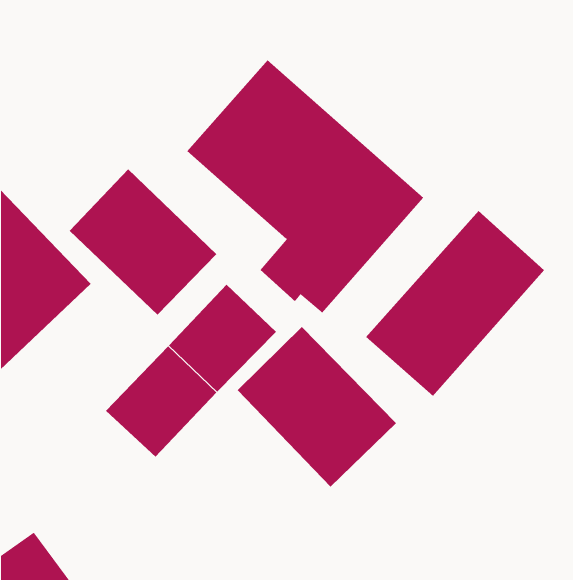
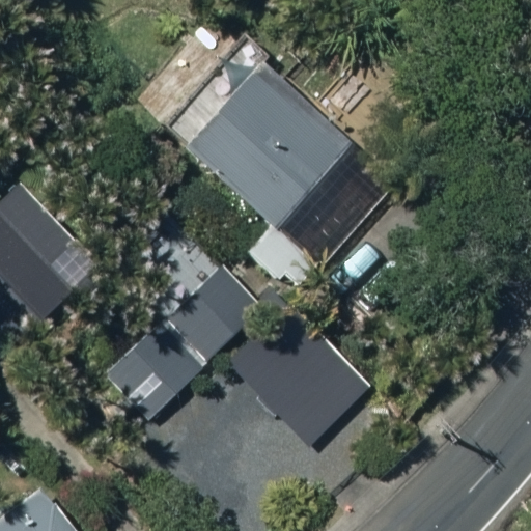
building: [69,169,217,316] -> none
building: [365,210,545,397] -> none

